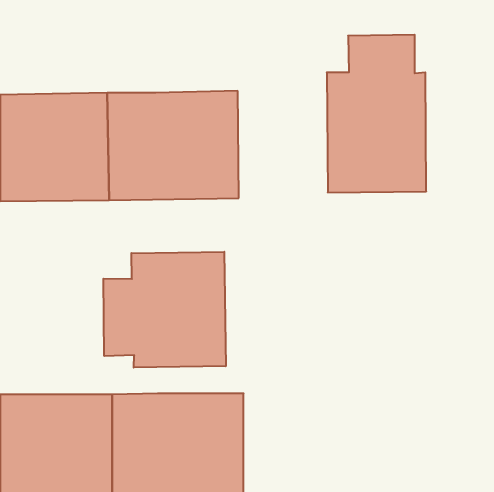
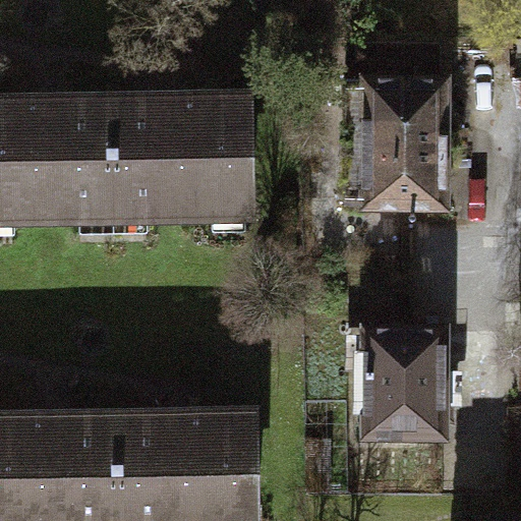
building: [103,252,226,368] -> none
building: none -> [368,329,444,435]

